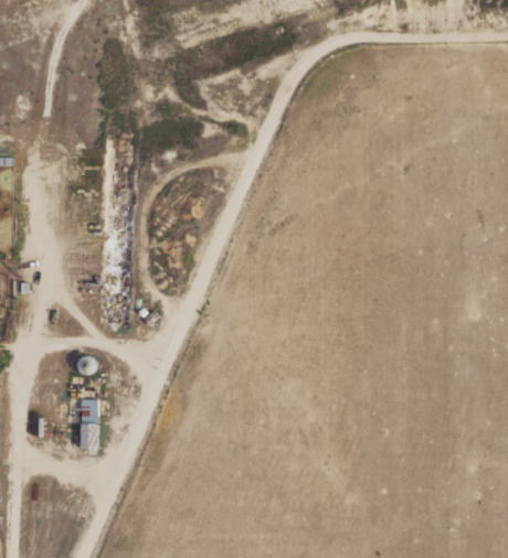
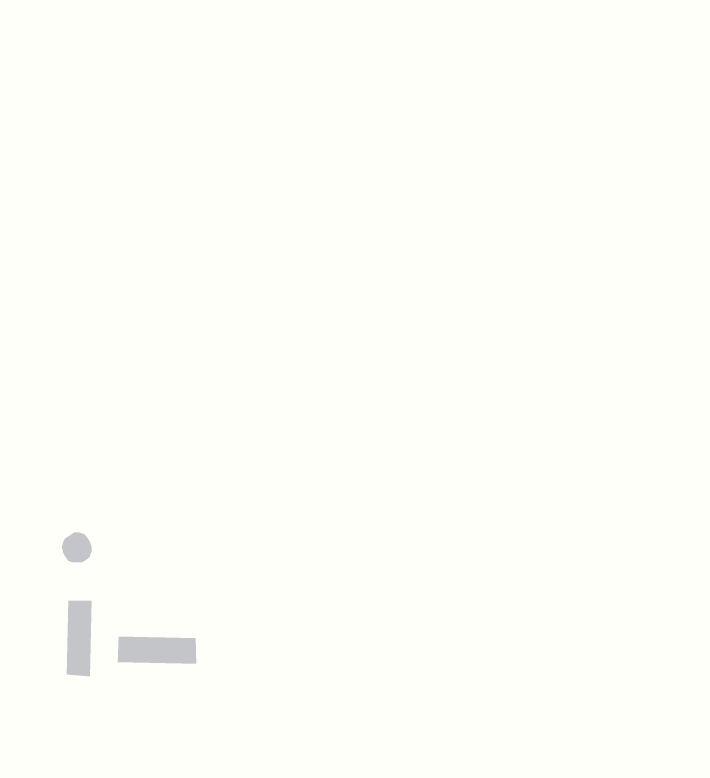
building: none -> [117,636,197,664]

